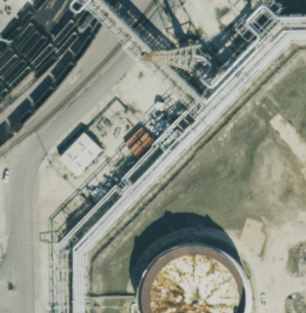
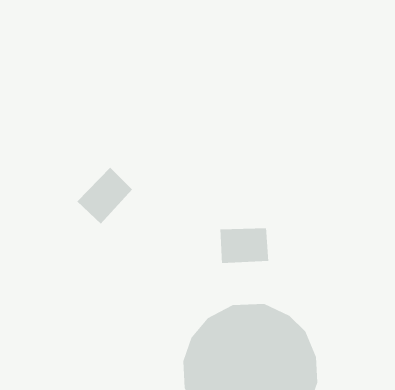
building: none -> [220,228,269,264]

